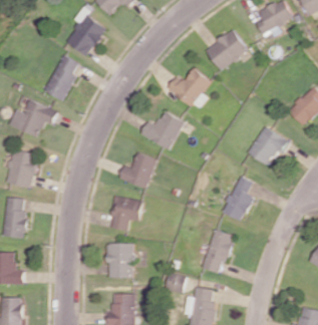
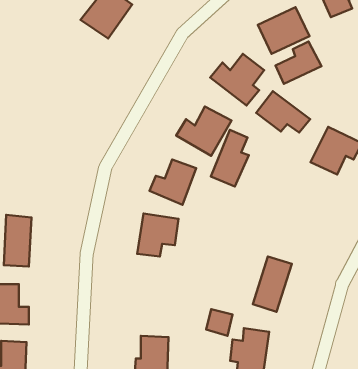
building: [43,54,78,100] -> none
building: none -> [276,42,322,84]
building: none -> [256,91,310,133]
building: [8,99,58,136] -> none
building: [5,148,39,188] -> none
building: [224,176,254,221] -> [211,130,249,187]
building: [108,243,134,278] -> none

